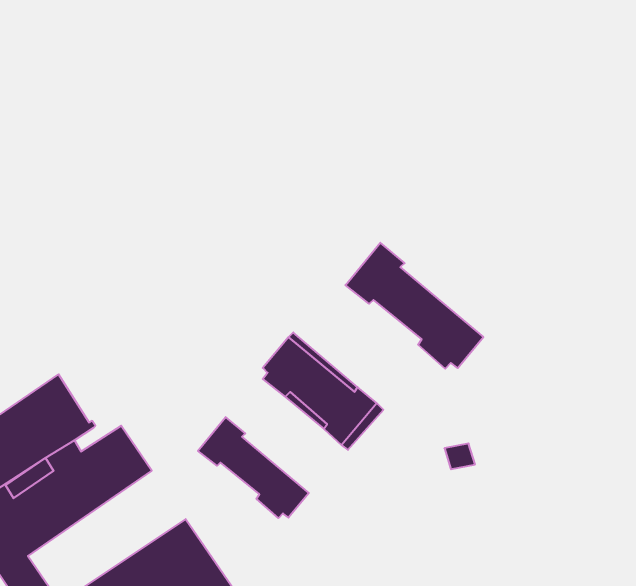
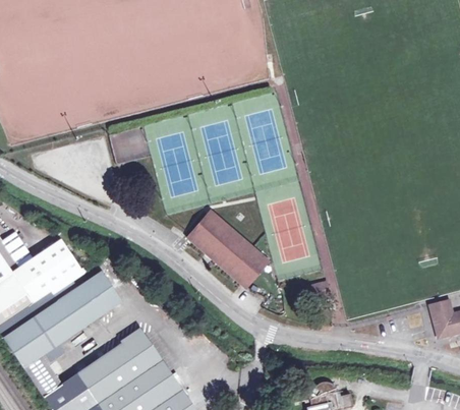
building: [345,243,483,369] -> none
building: [198,417,309,518] -> none

